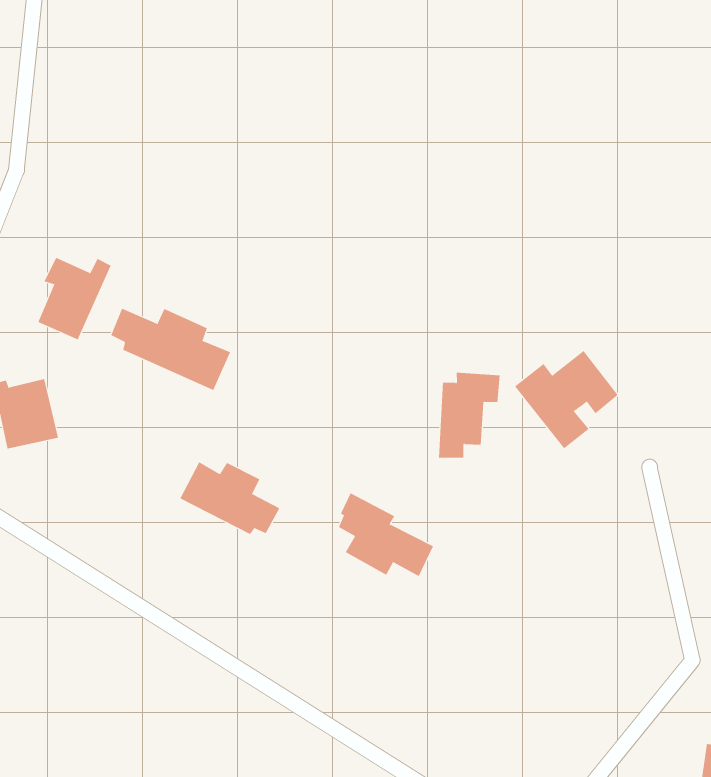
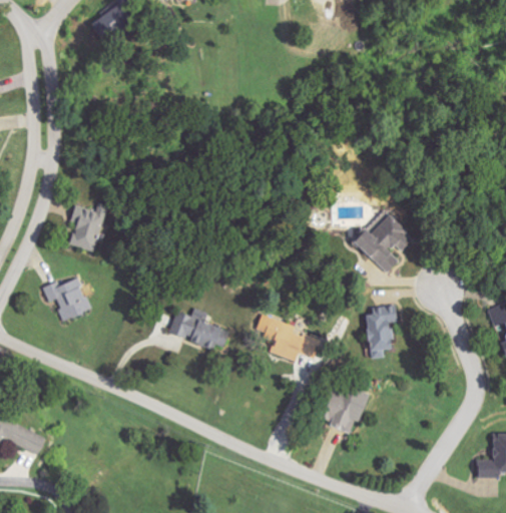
building: [110,308,231,391] -> none
building: [438,372,500,458] -> [364,305,398,358]
building: none -> [319,384,367,430]

